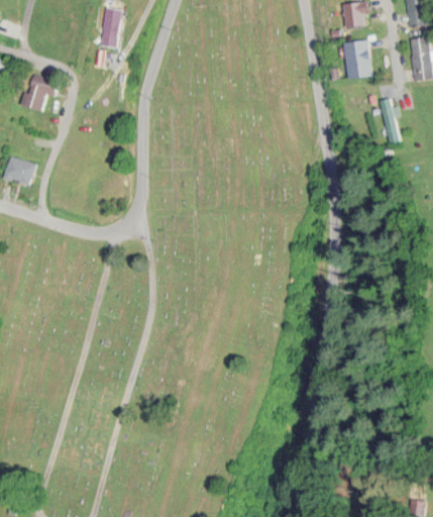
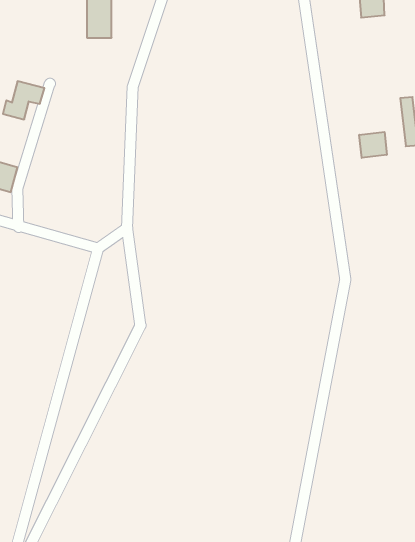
building: [344,39,371,79] -> none
building: none -> [359,132,387,158]

